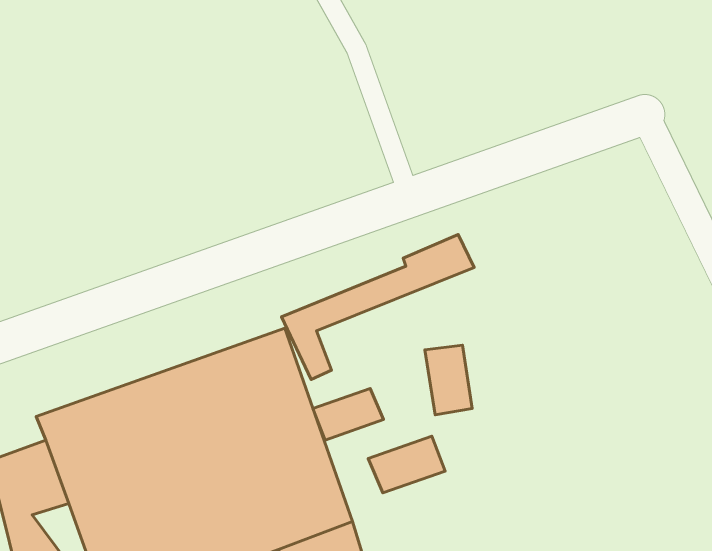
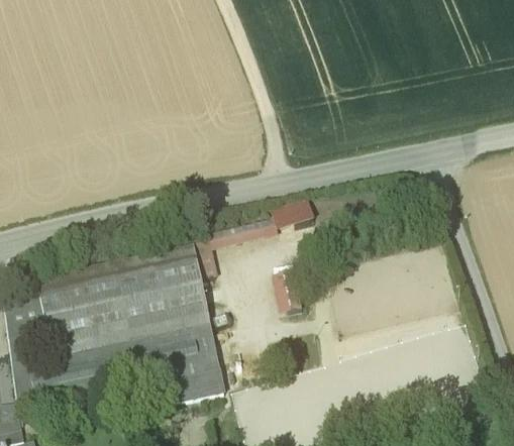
building: [313,388,383,440] -> none
building: [368,436,445,493] -> none

